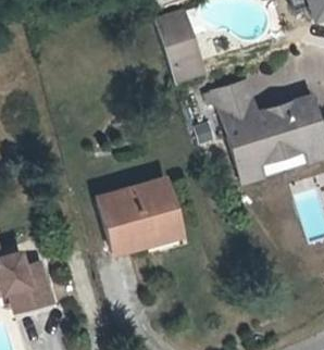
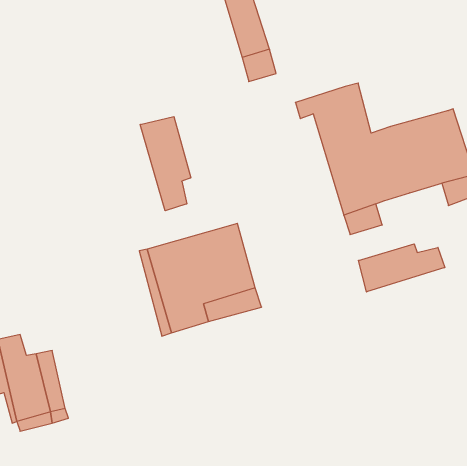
building: none -> [140,117,191,211]
building: none -> [358,244,445,292]

